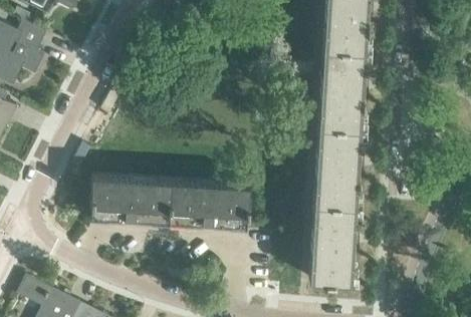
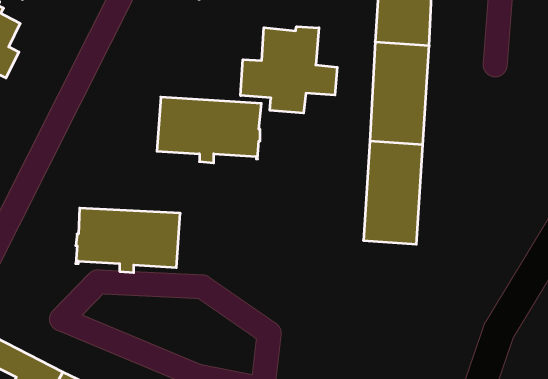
building: none -> [241,27,337,113]
building: [168,180,249,231] -> [157,97,261,163]
building: [308,201,355,282] -> none

